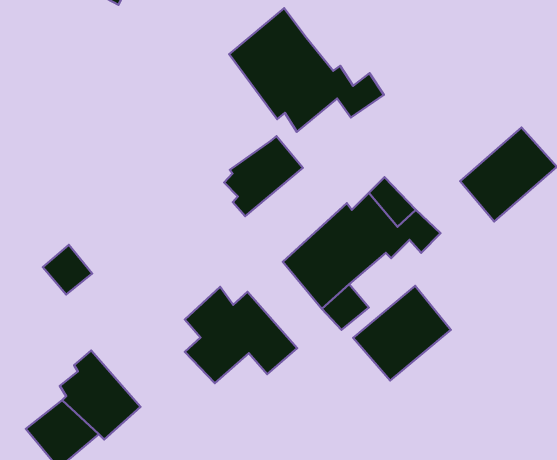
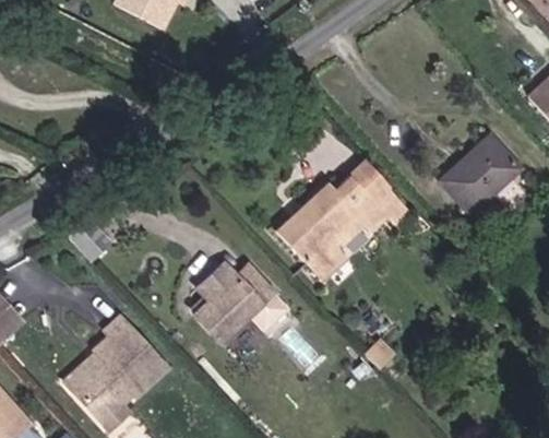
building: [229,8,384,132] -> none
building: [224,136,303,216] -> none
building: [353,286,451,380] -> none

